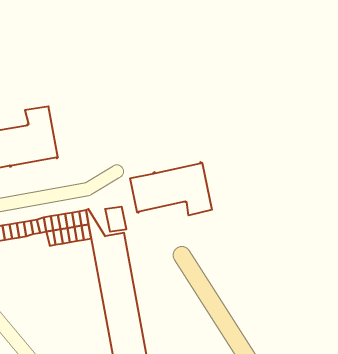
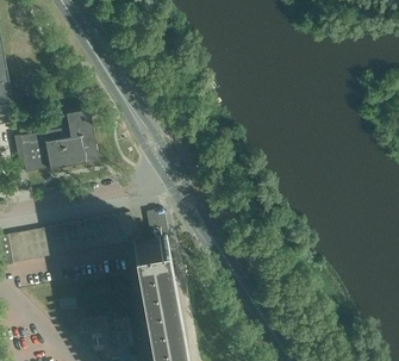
building: [130,162,212,215] -> none

